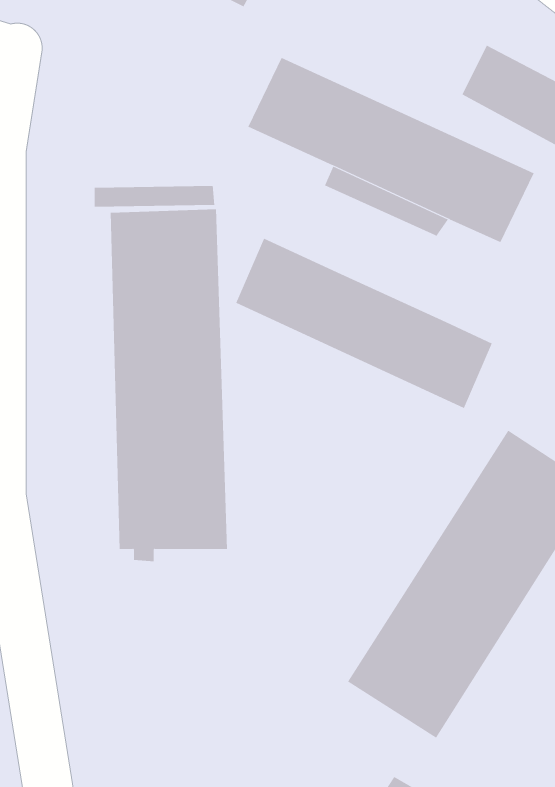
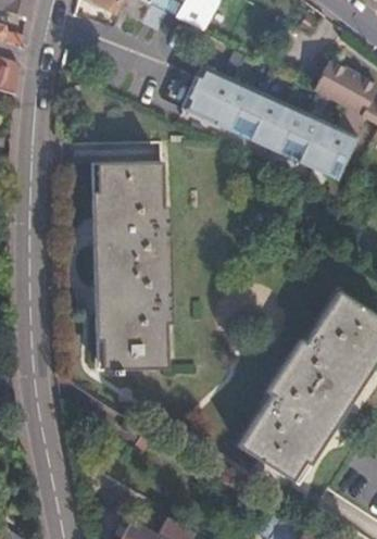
building: [235,238,492,409] -> none

